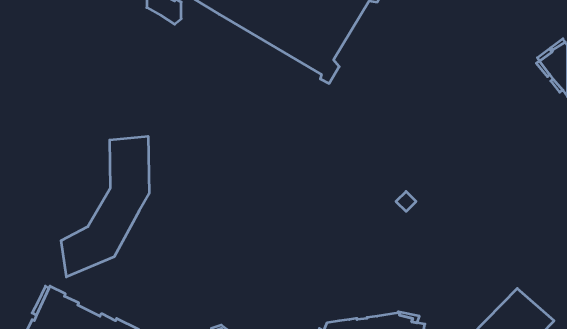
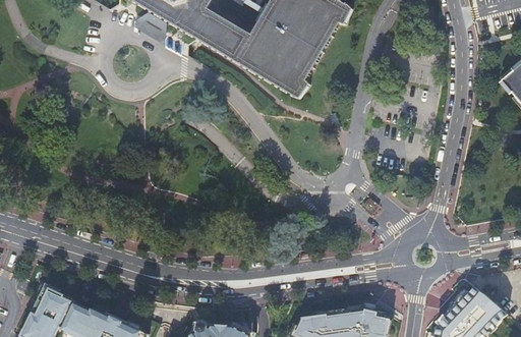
building: [61,136,149,277] -> none

